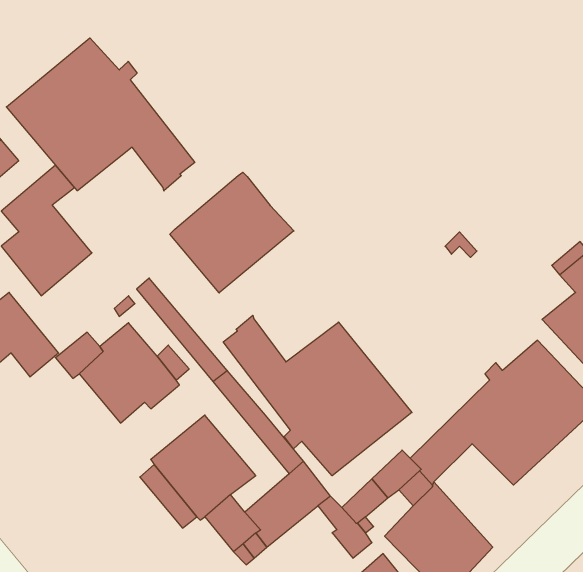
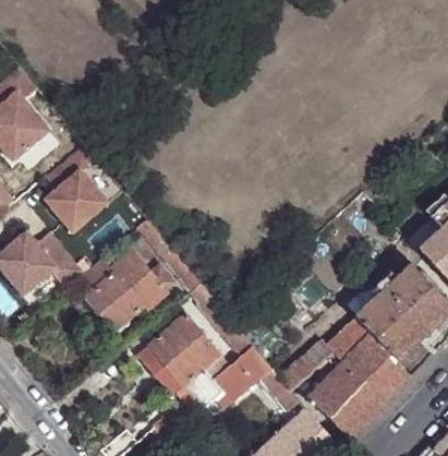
building: [6,38,195,191] -> none
building: [170,172,294,293] -> none
building: [223,315,412,476] -> none
building: none -> [341,335,408,406]

